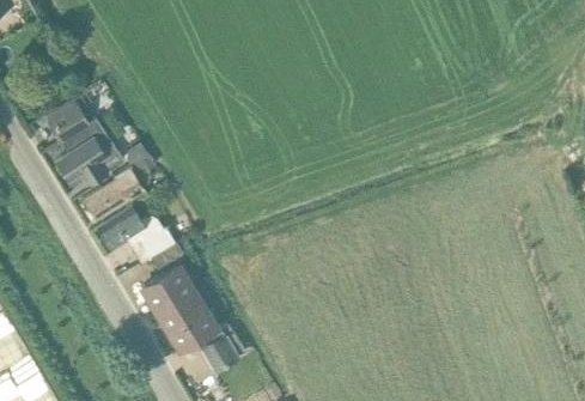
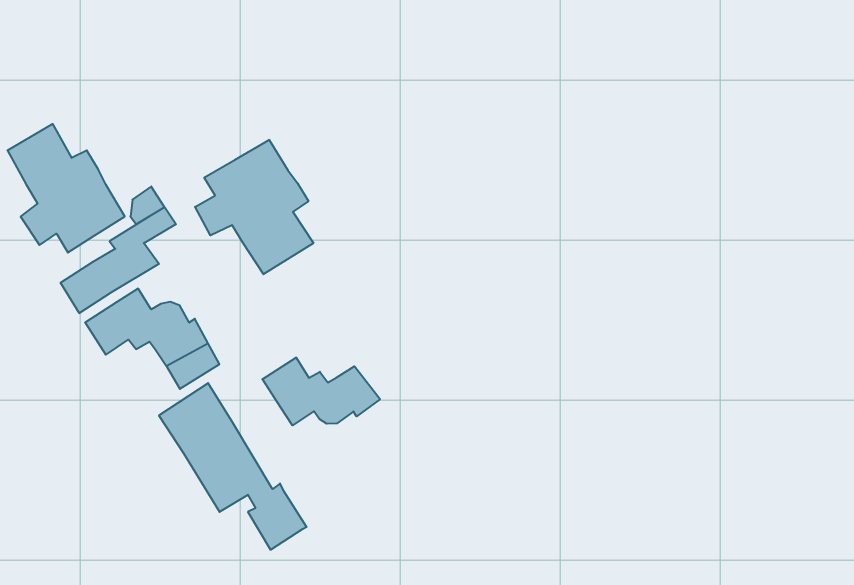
building: none -> [195,140,313,274]
building: none -> [262,357,380,425]

